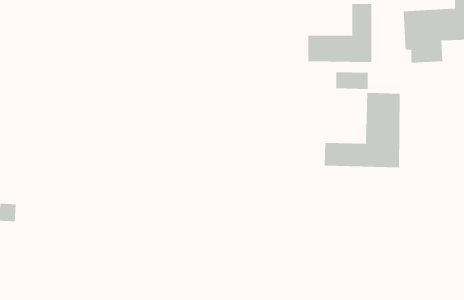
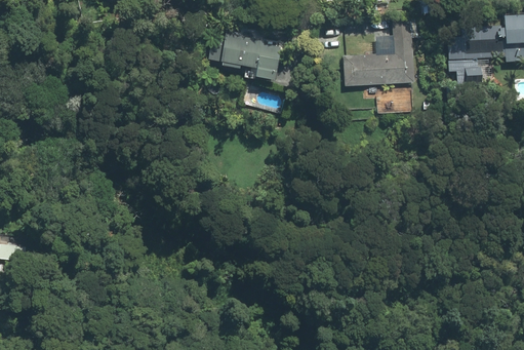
building: none -> [209,29,284,80]
building: [324,92,400,168] -> none

